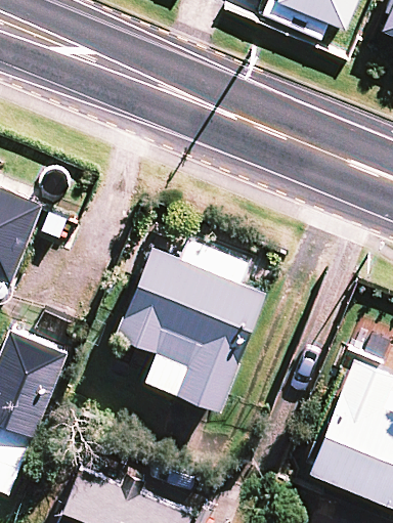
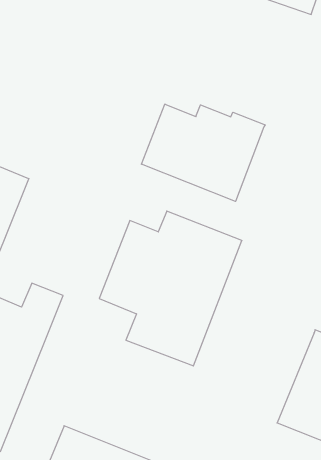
building: none -> [141,104,265,201]

